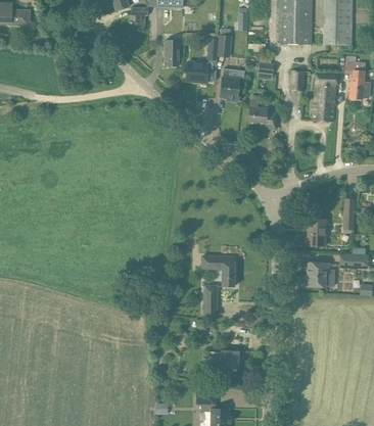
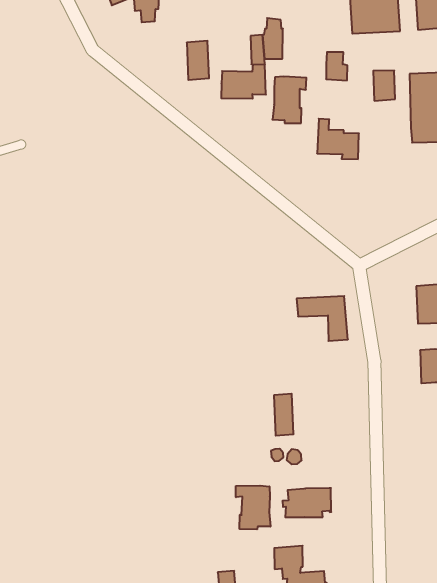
building: [201,255,234,286] -> [297,296,348,341]
building: none -> [236,486,270,529]

